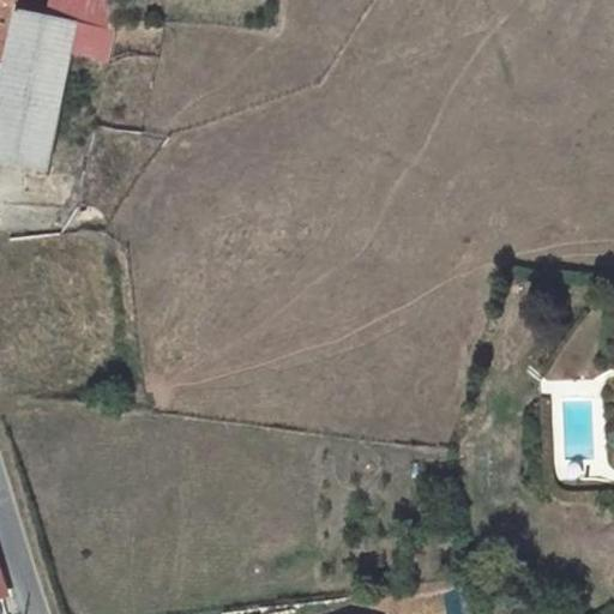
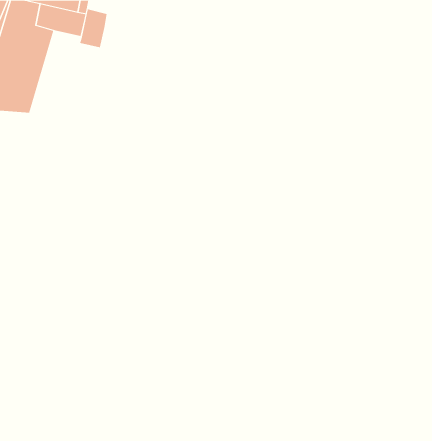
building: none -> [80,9,107,48]

